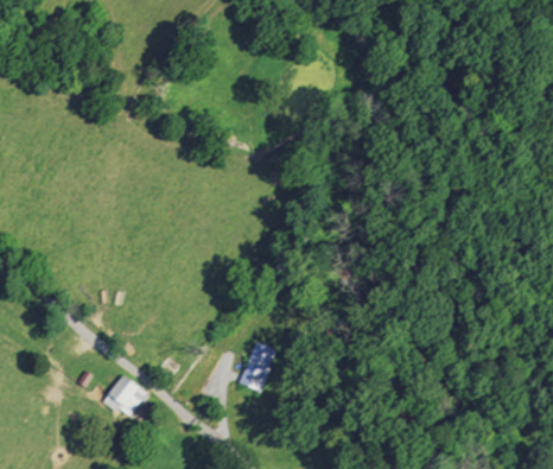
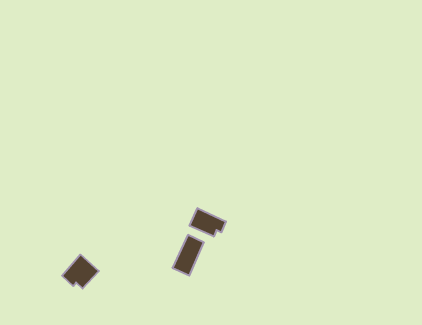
building: none -> [190,208,226,237]

